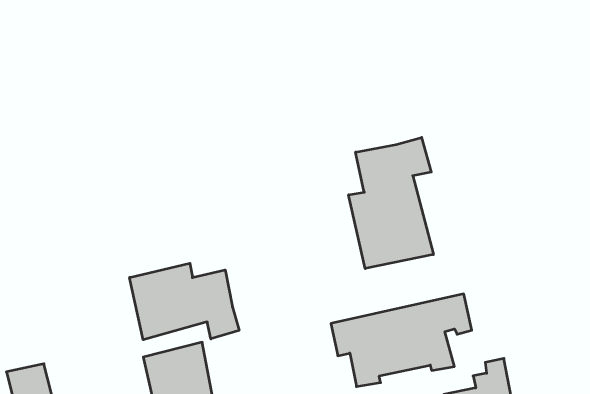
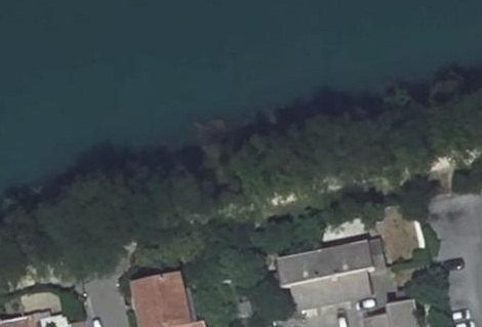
building: [349,137,433,269] -> none
building: [130,263,239,340] -> none

